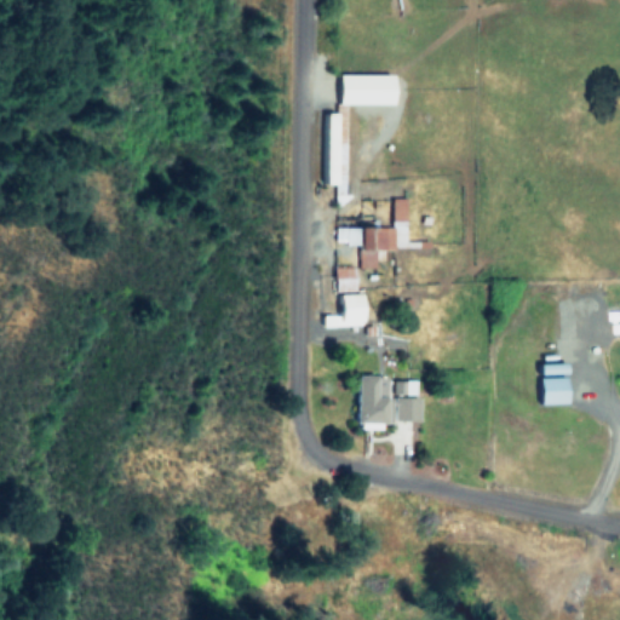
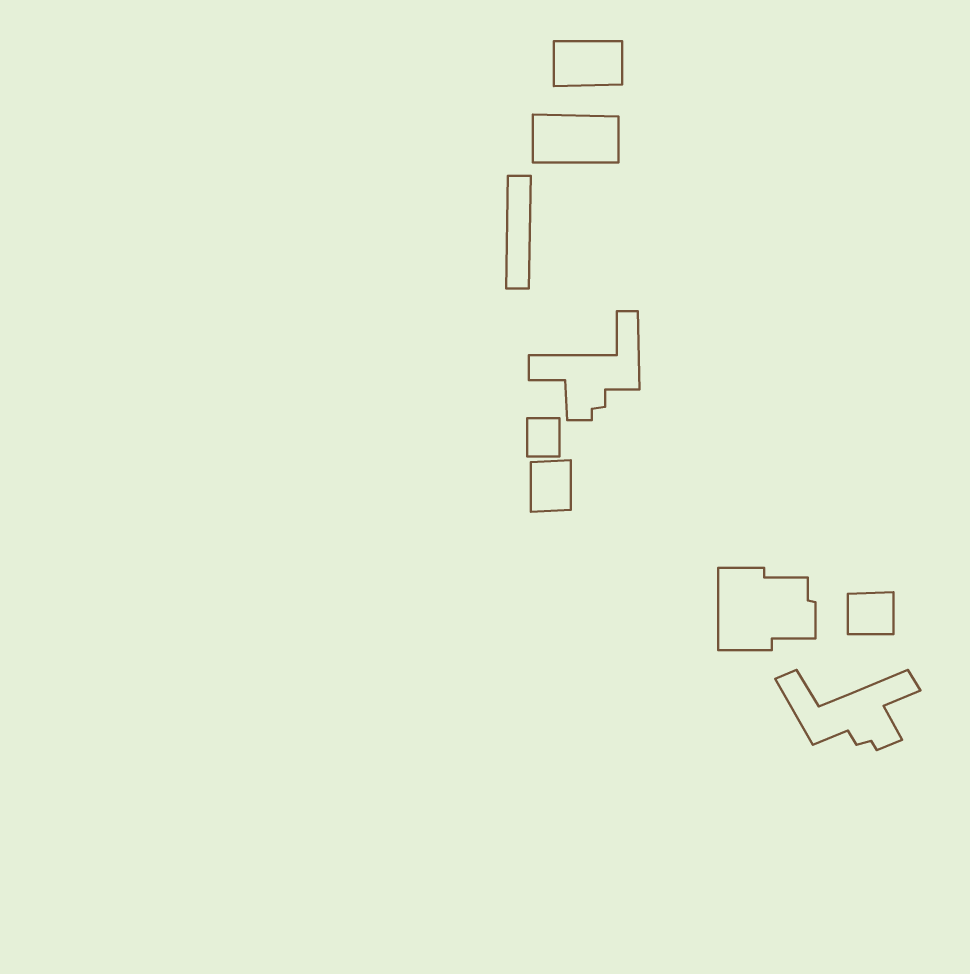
building: none -> [554,41,622,86]
building: [362,375,424,427] -> [718,568,816,650]
building: none -> [775,670,920,750]

